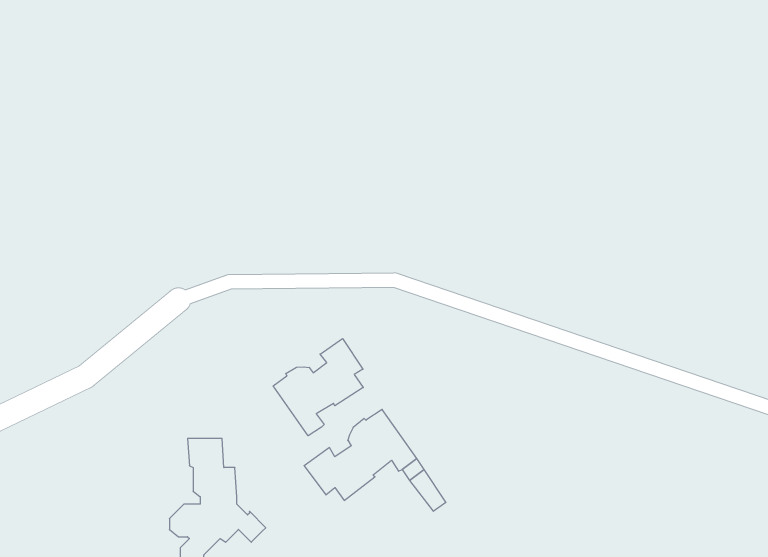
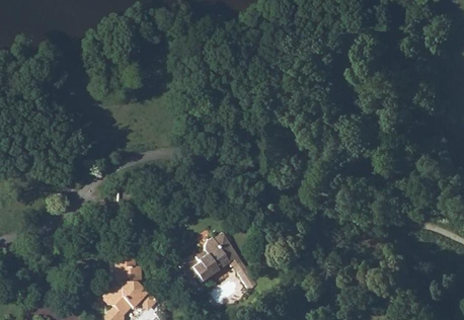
building: [273,339,363,436] -> none

